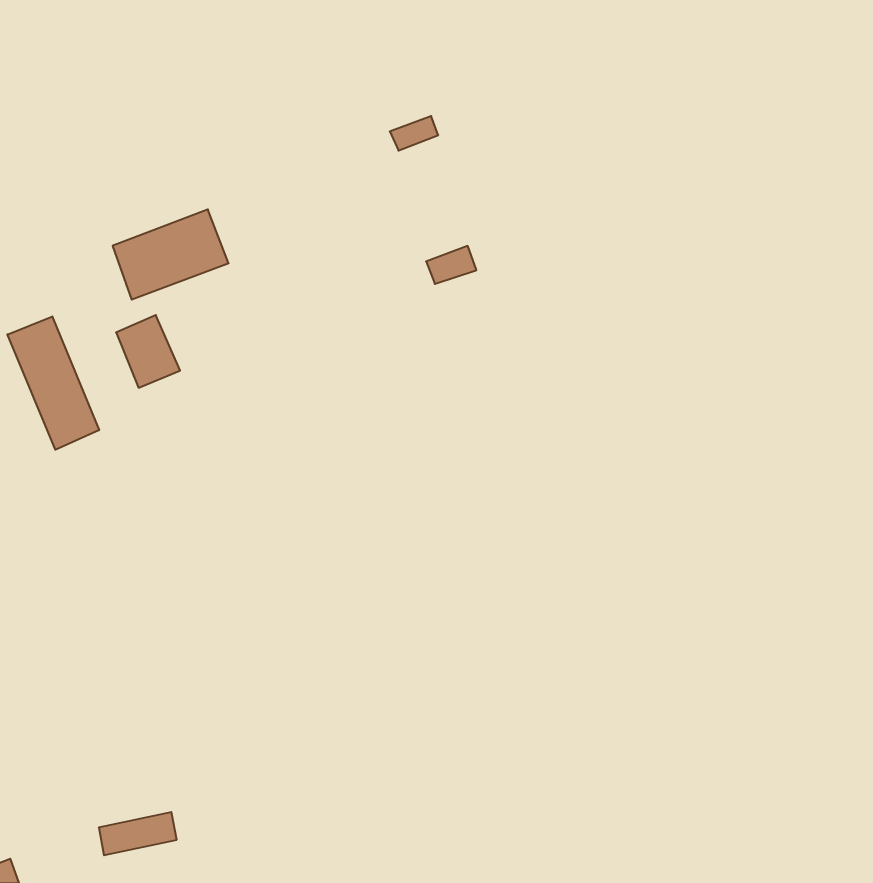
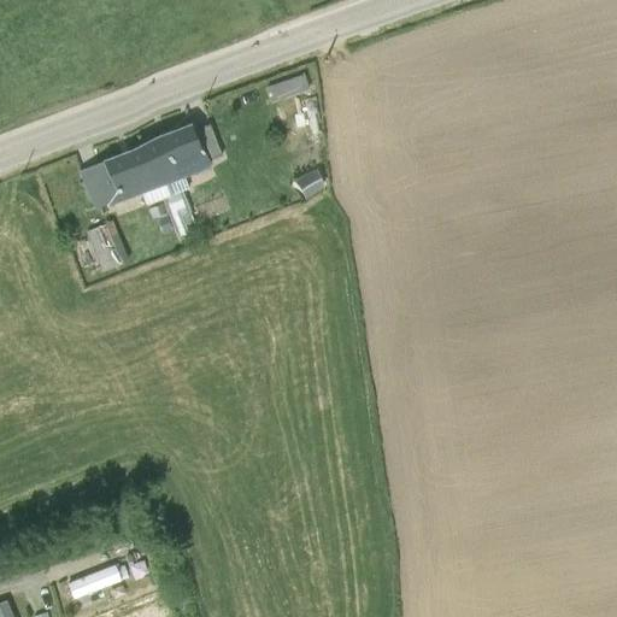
building: none -> [145,125,213,183]
building: [7,316,99,450] -> none

